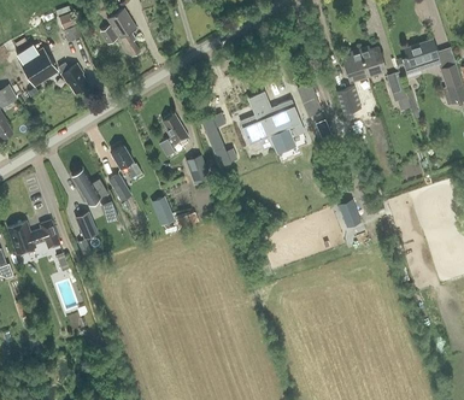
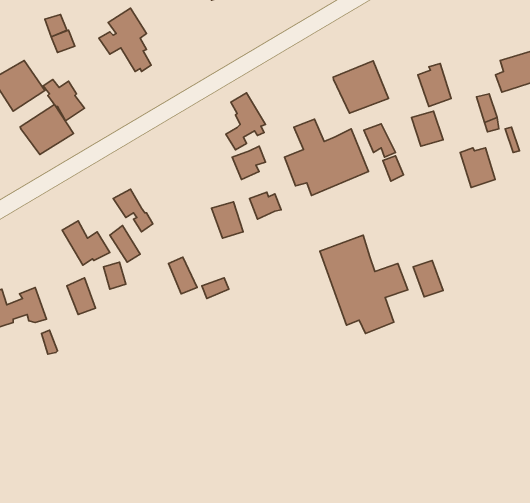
building: [358,46,384,76] -> [460,148,495,187]
building: none -> [333,61,388,113]
building: none -> [20,105,73,154]
building: [158,112,188,155] -> [226,93,266,150]
building: none -> [320,235,408,333]

